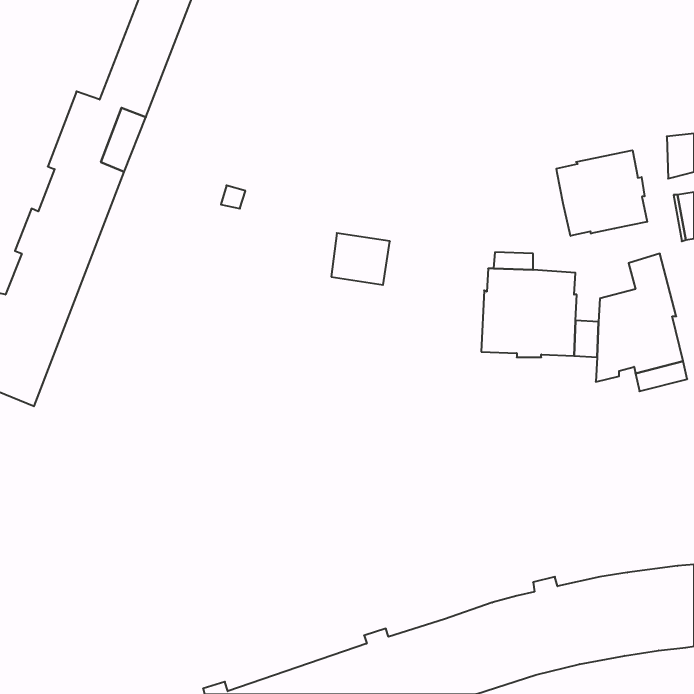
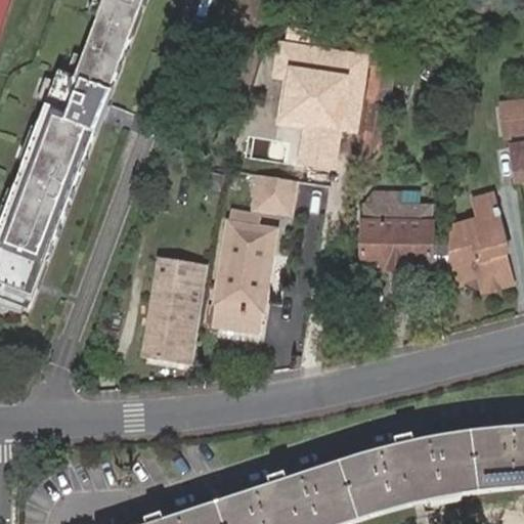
building: none -> [270,20,377,169]
building: [556,150,647,236] -> none
building: none -> [208,211,274,346]
building: none -> [141,256,208,365]

